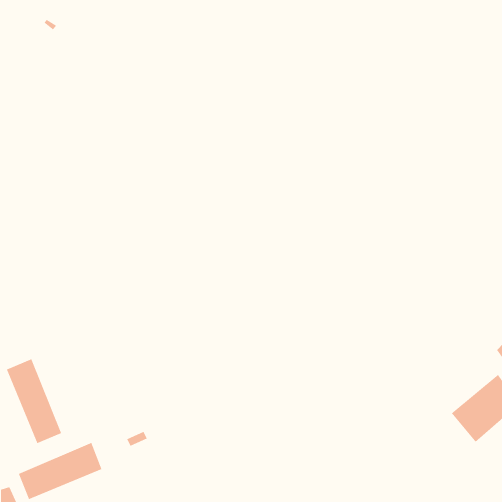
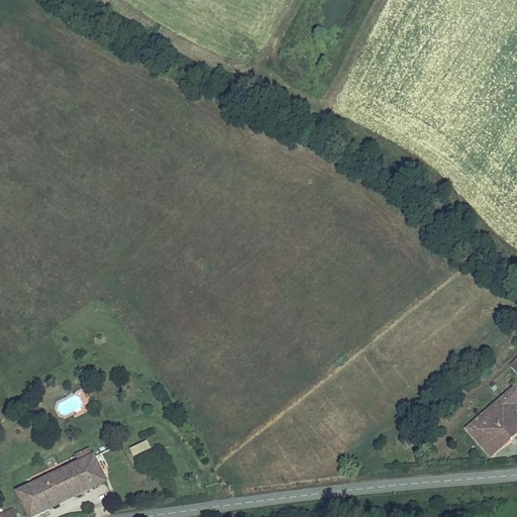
building: [6,358,62,444] -> none

